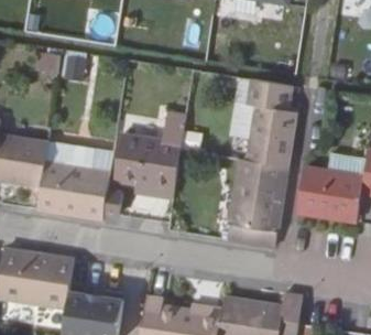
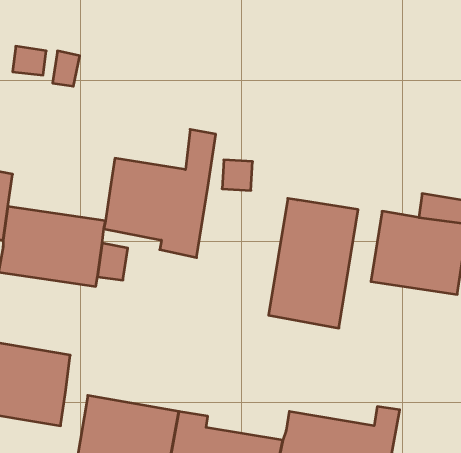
building: [233,77,287,163] -> none
building: [34,139,105,171] -> none

